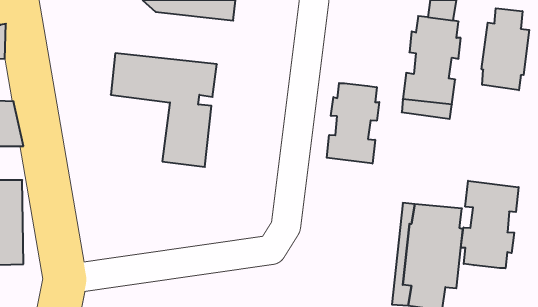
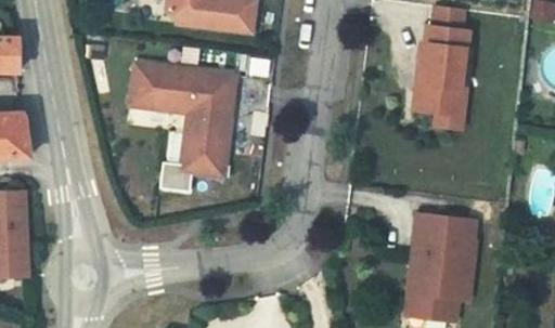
building: [482,8,529,90] -> none
building: [327,83,379,164] -> none
building: [461,181,519,268] -> none

